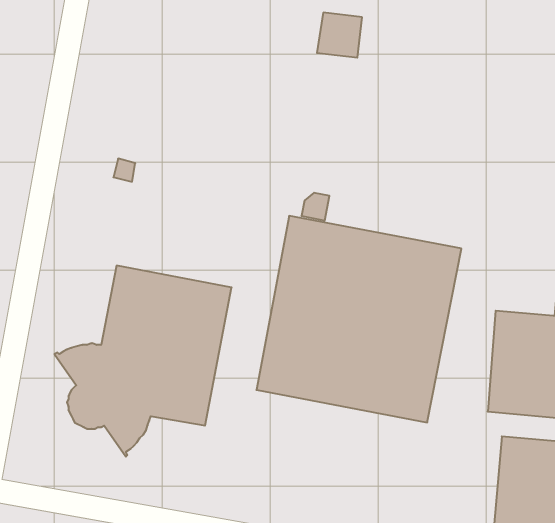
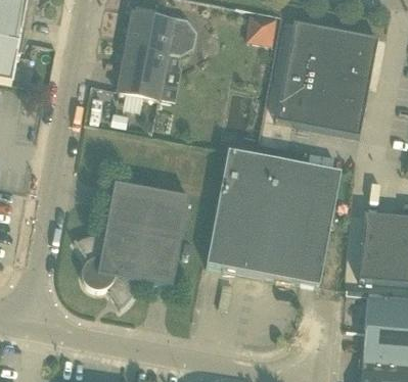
building: none -> [118,10,196,98]
building: none -> [274,19,377,134]

